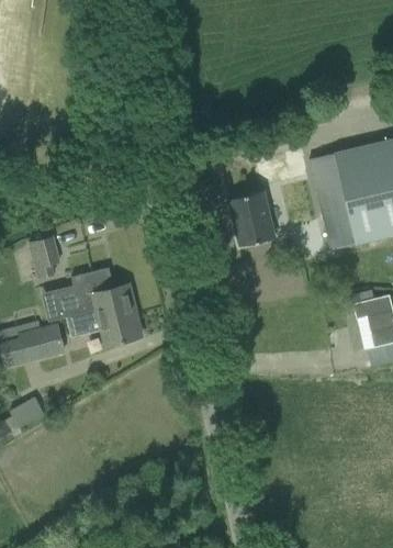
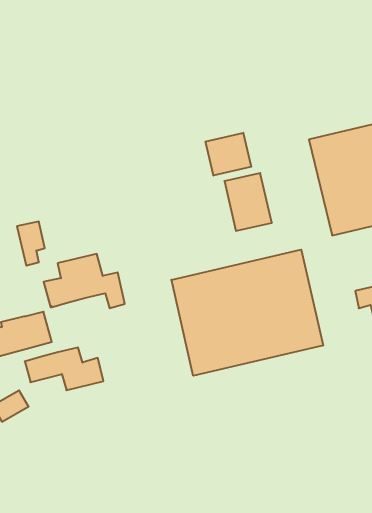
building: none -> [205,133,251,176]
building: none -> [171,250,323,376]
building: [65,305,139,346] -> [25,347,103,390]

